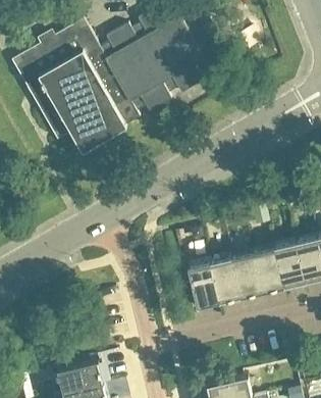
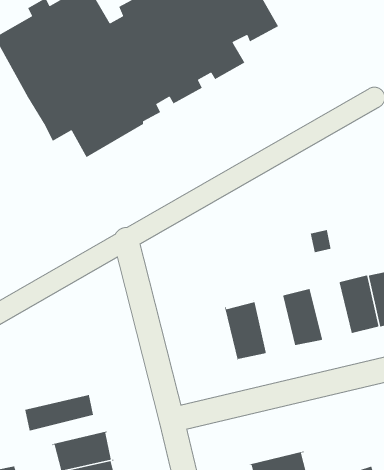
building: [252,247,283,294] -> none
building: [210,257,240,304] -> none
building: none -> [22,394,96,432]

